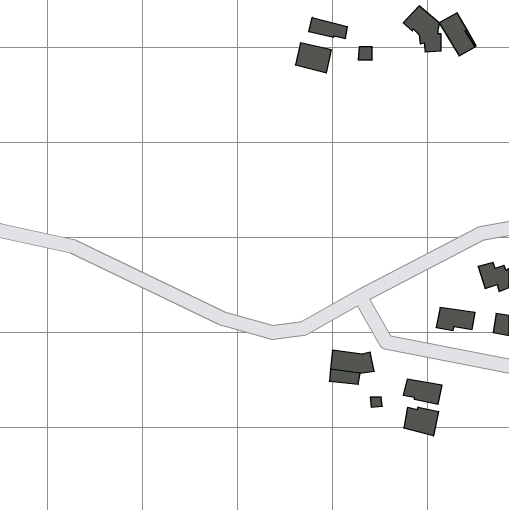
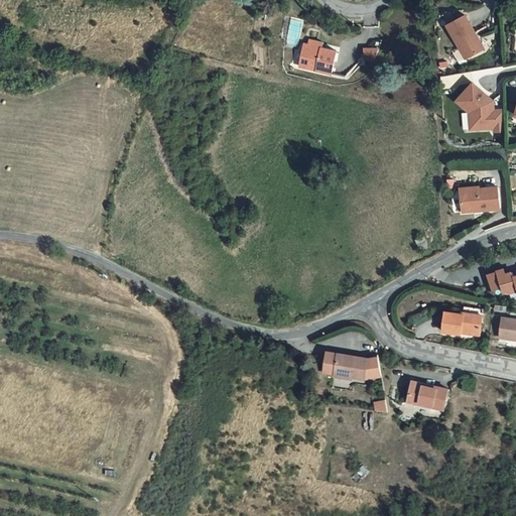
building: [403,6,441,52] -> [454,80,492,126]
building: [309,17,347,39] -> none
building: none -> [459,188,497,213]
building: [404,407,439,436] -> none

